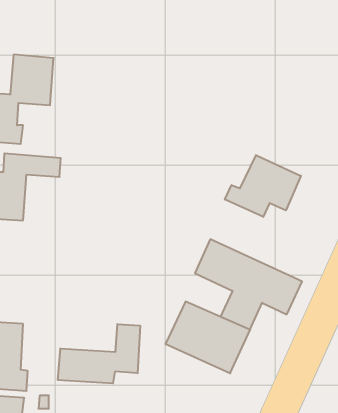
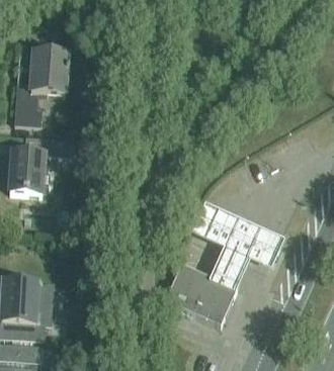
building: [225,155,301,217] -> none
building: [58,324,140,383] -> none

